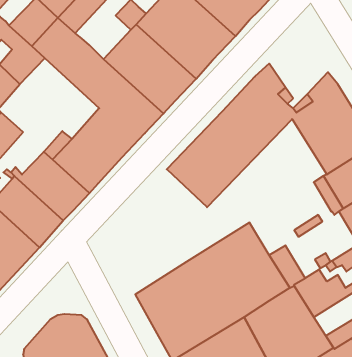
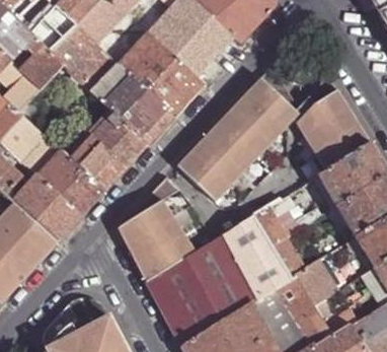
building: none -> [119,179,196,284]
building: none -> [254,195,293,248]

